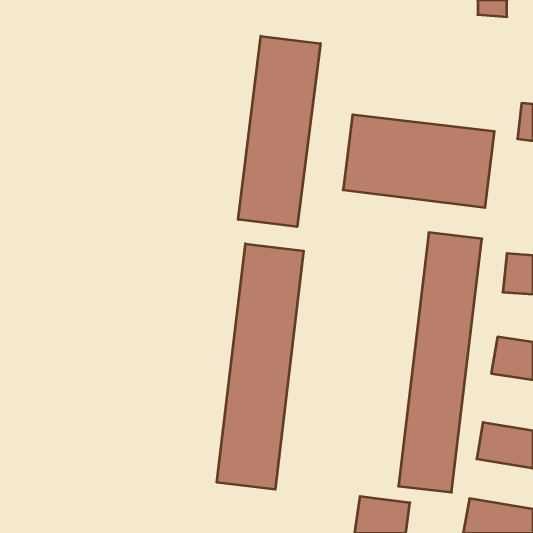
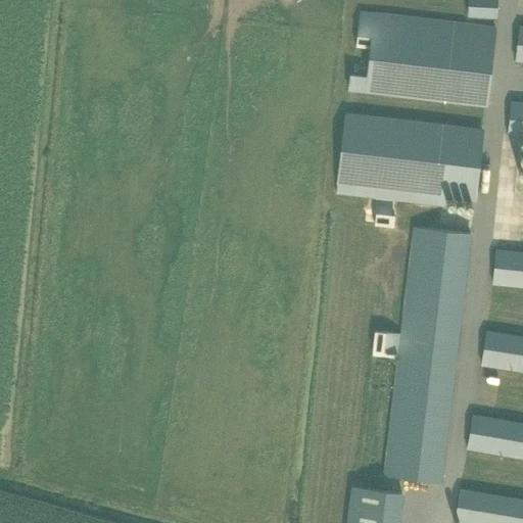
building: none -> [356,10,492,105]
building: [238,36,320,227] -> none
building: [217,244,304,489] -> none

